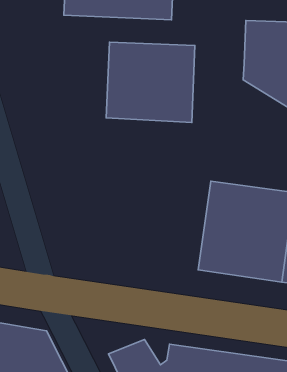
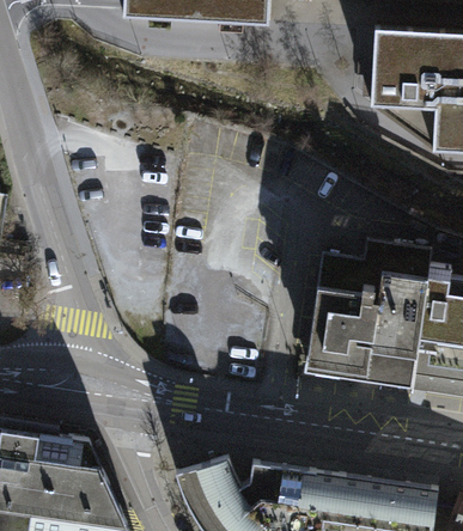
building: [106,42,195,122] -> none

